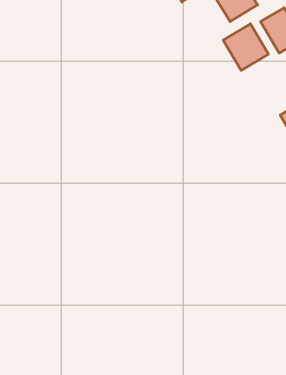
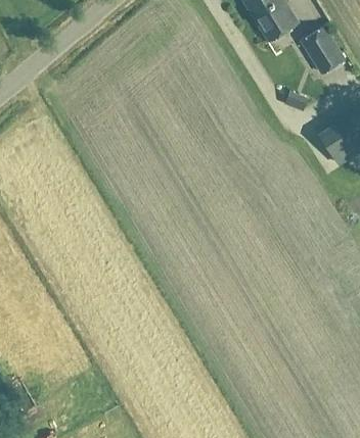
building: [223,24,268,70] -> none

